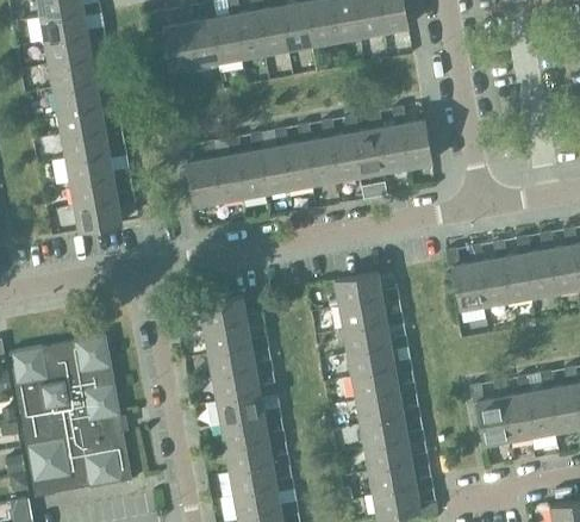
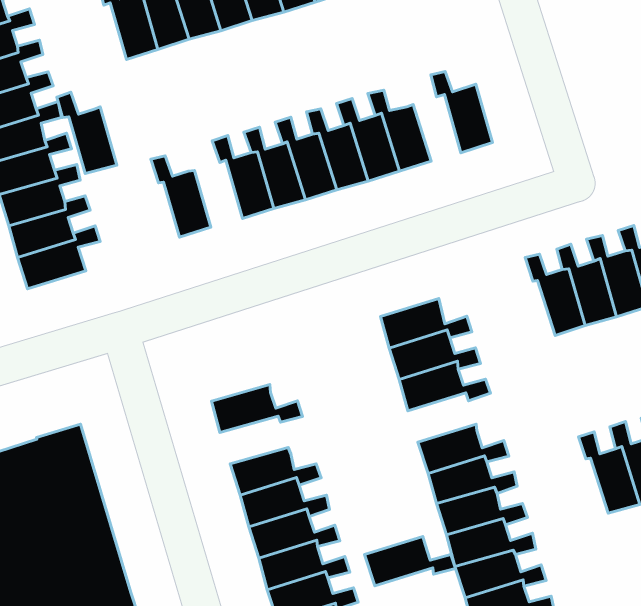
building: [368,112,407,173] -> none
building: [204,142,242,203] -> [57,92,117,174]
building: [199,299,264,330] -> none
building: [347,346,412,378] -> [365,537,456,586]
building: [207,347,273,378] -> none

